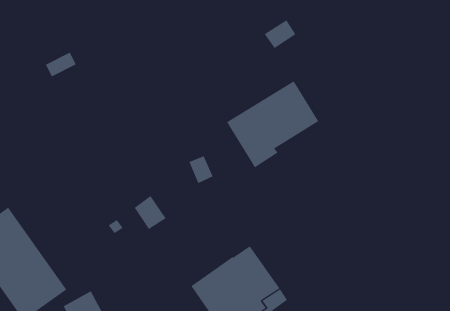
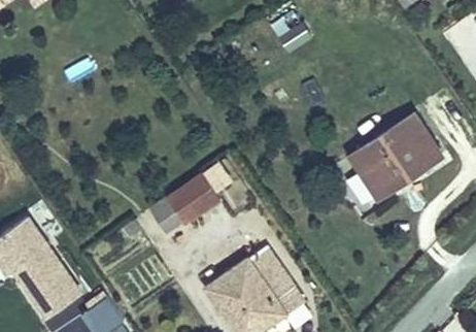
building: [226,80,319,168] -> [350,111,442,198]
building: none -> [168,174,220,224]

